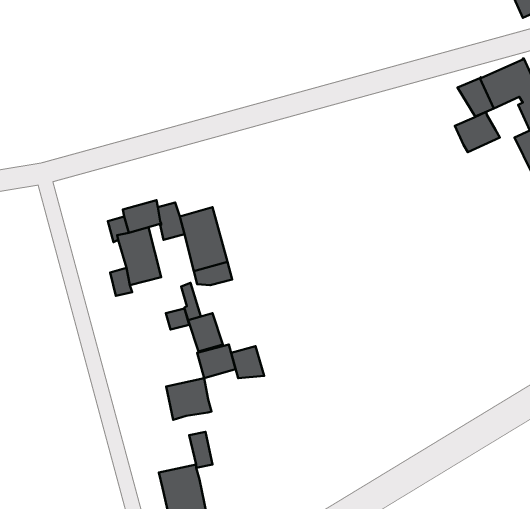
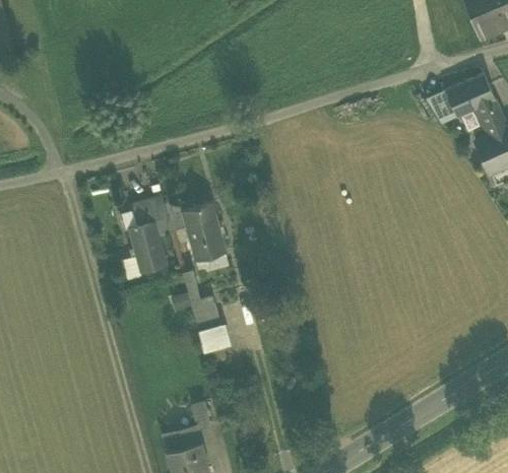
building: [455,112,500,152] -> none
building: [231,346,264,378] -> none
building: [166,378,211,420] -> none

